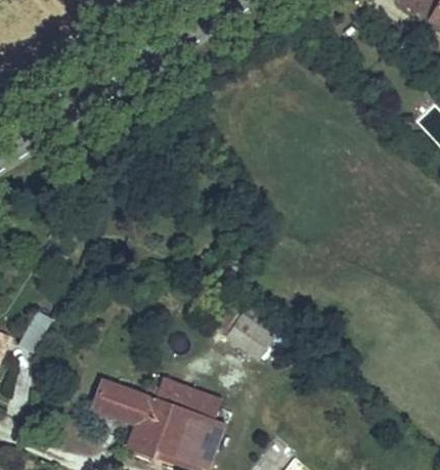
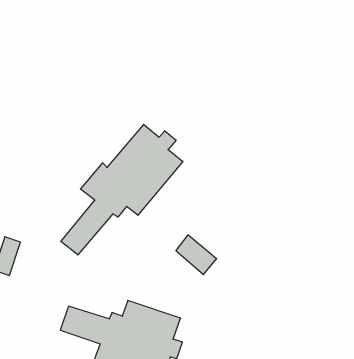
building: none -> [61,124,183,255]

